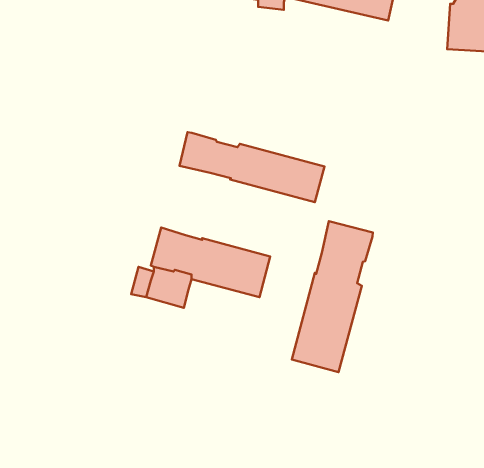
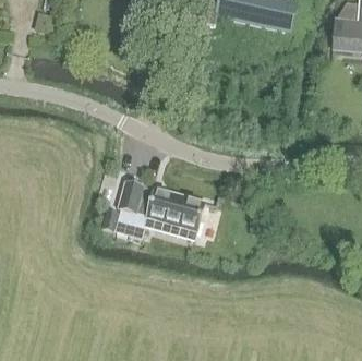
building: [179,132,325,202] -> none
building: [292,221,373,372] -> none

